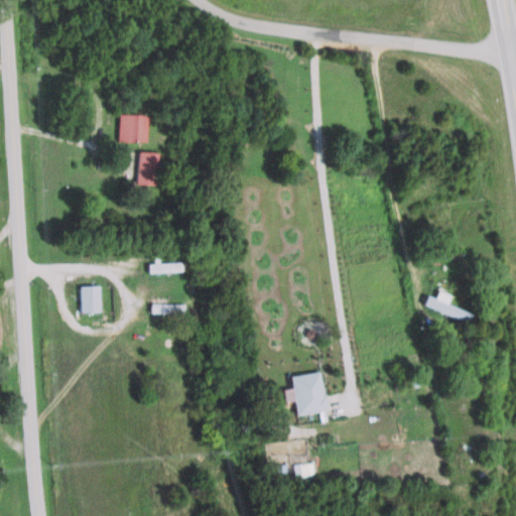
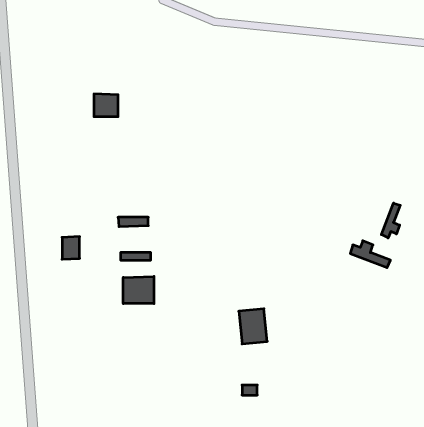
building: [137,153,158,186] -> none
building: none -> [381,203,400,238]
building: none -> [123,276,154,304]

